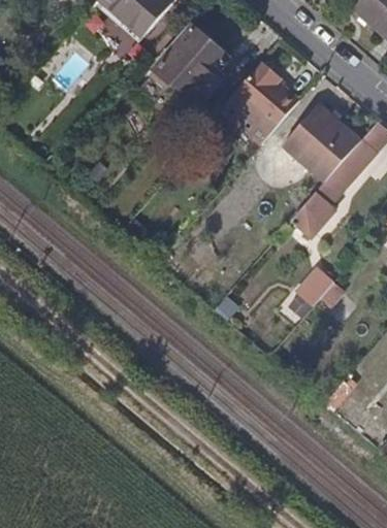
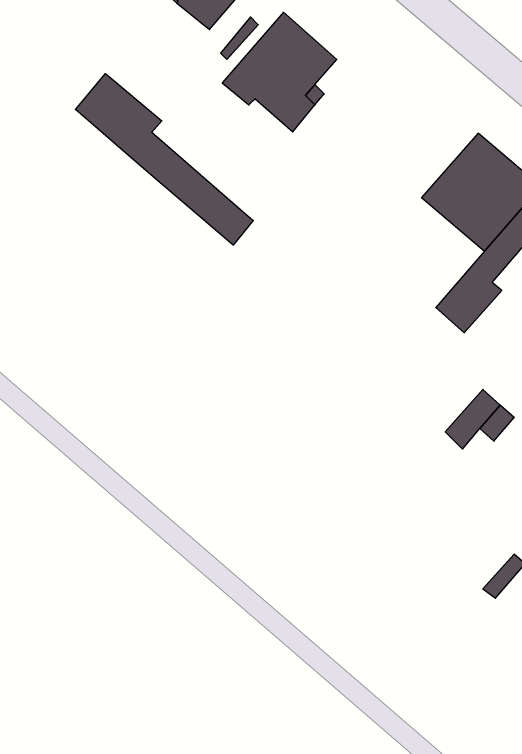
building: [231,61,298,131] -> none
building: none -> [75,74,253,245]

